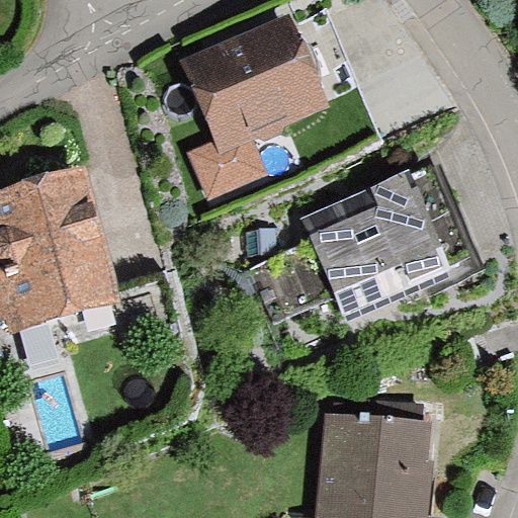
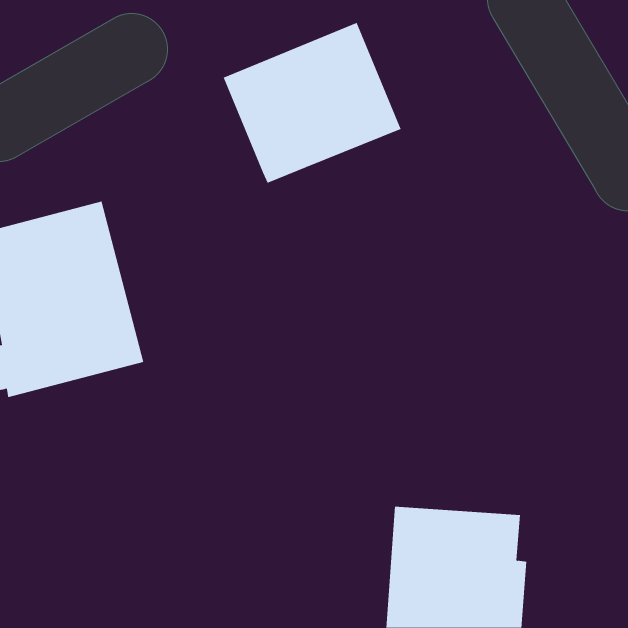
building: [187,138,269,202] -> none
building: [255,163,468,324] -> none

